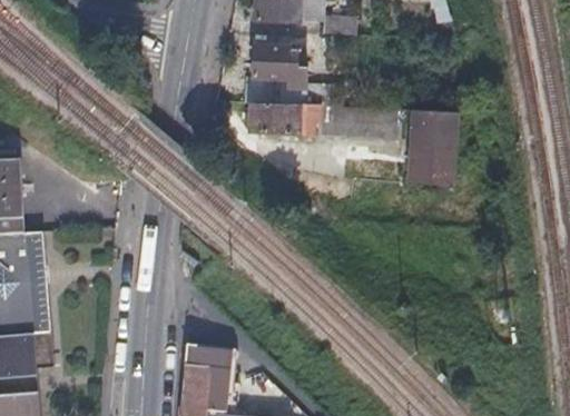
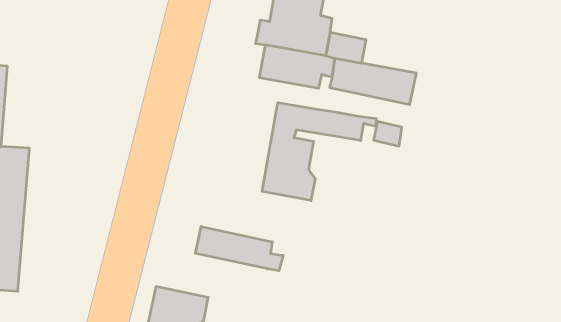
building: [409,110,458,184] -> none
building: none -> [262,103,376,201]
building: none -> [195,226,283,271]

